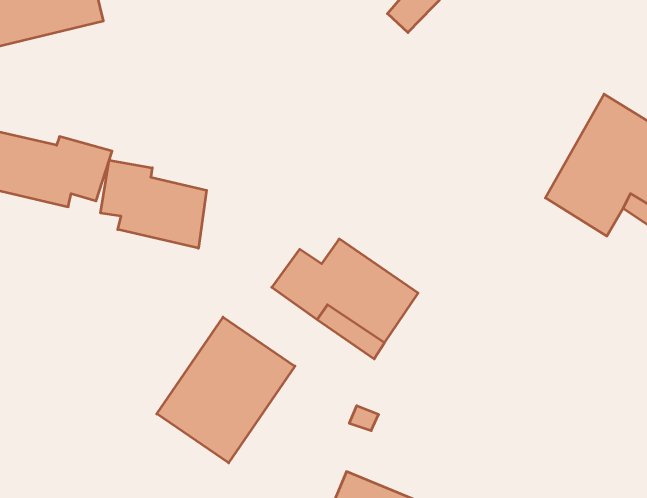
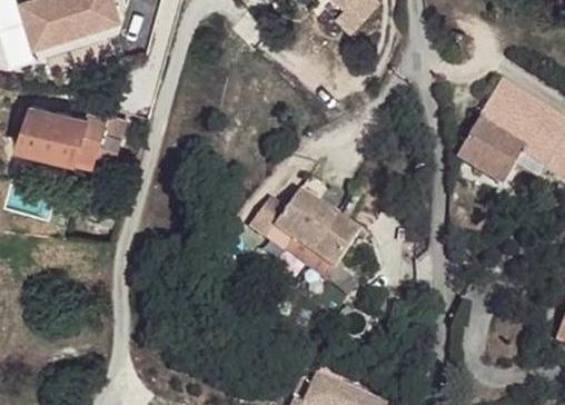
building: [101,160,207,248] -> none
building: [157,317,295,463] -> none

